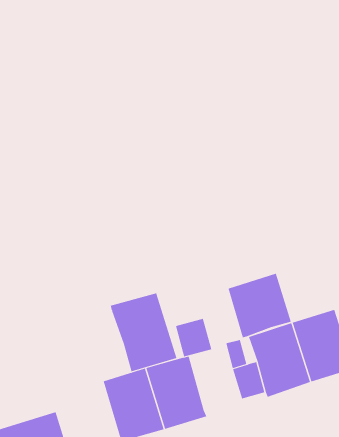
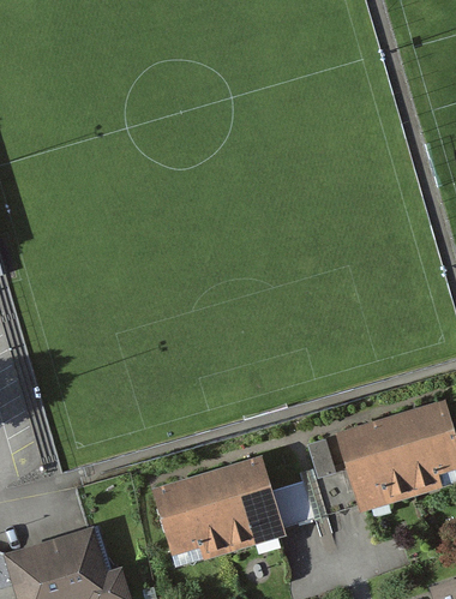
building: [228,273,292,338] -> none
building: [110,292,177,372] -> none
building: [175,318,212,357] -> [268,479,314,528]

